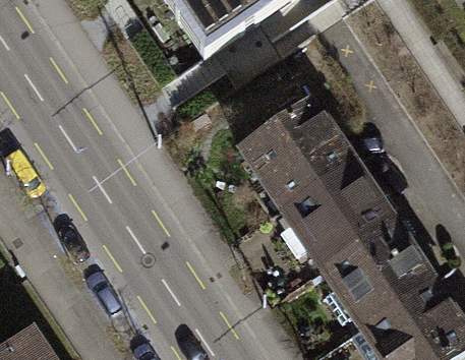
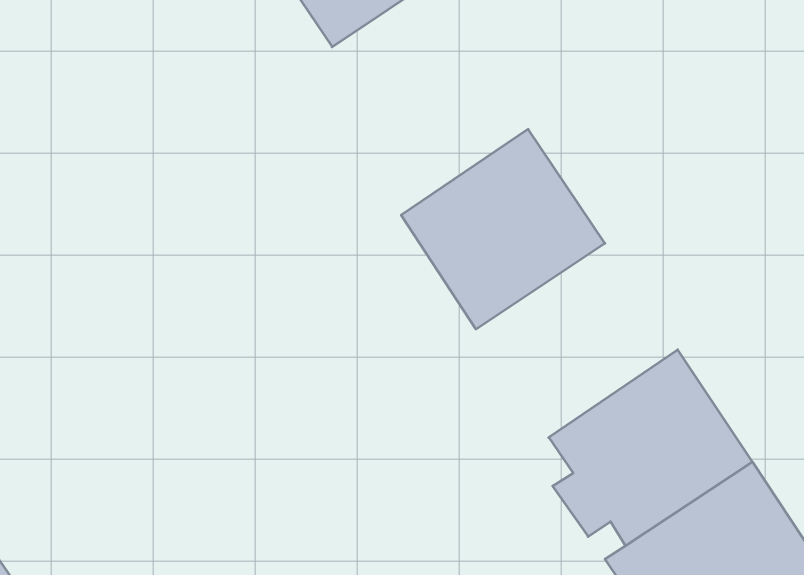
building: [286,158,396,263] -> none

